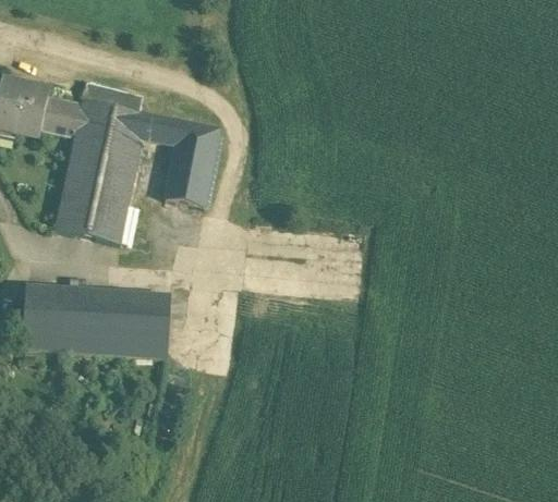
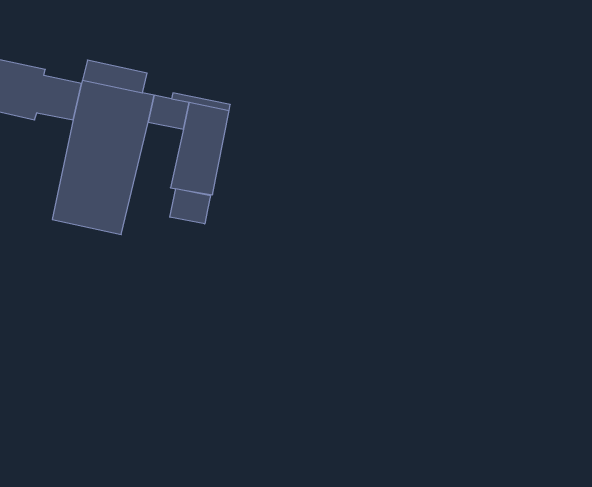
building: none -> [170,189,211,224]
building: [22,286,170,359] -> none

